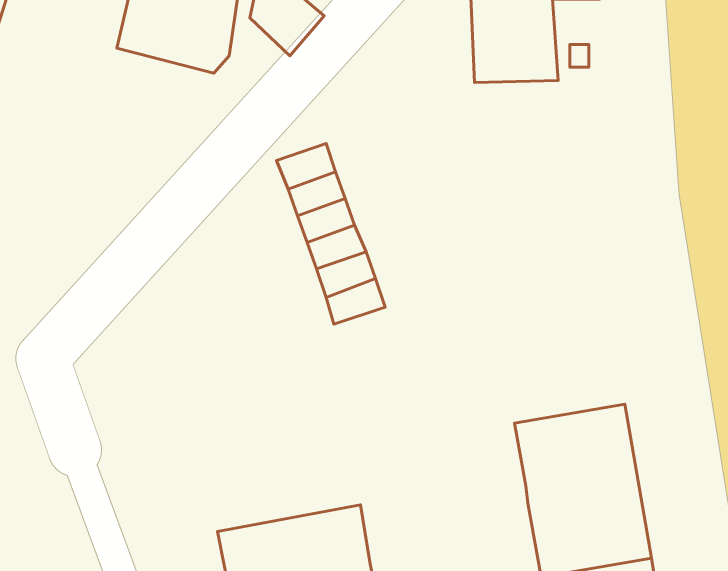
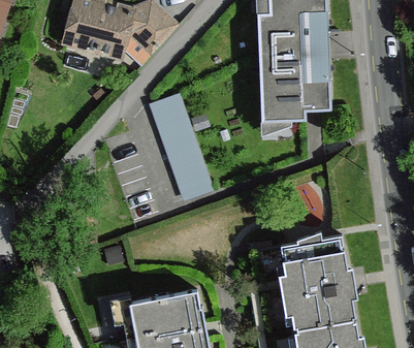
building: none -> [258,60,330,122]

